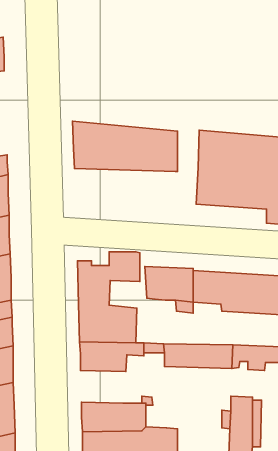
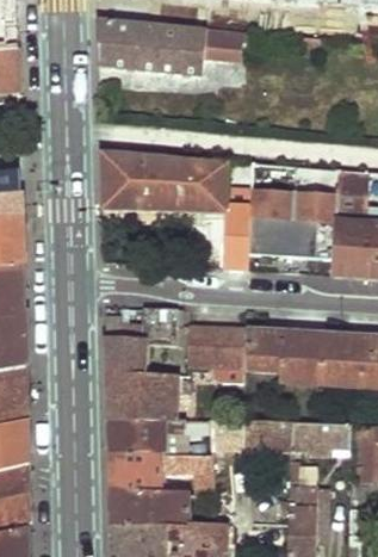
building: none -> [97,17,250,75]
building: none -> [224,208,252,270]
building: none -> [110,452,215,494]

